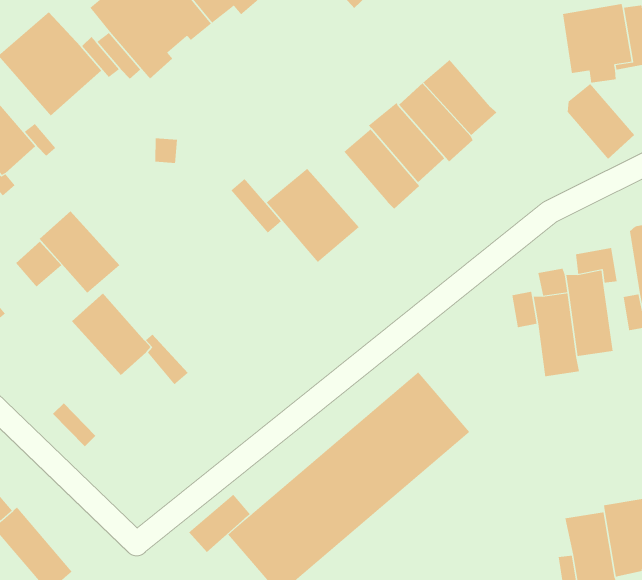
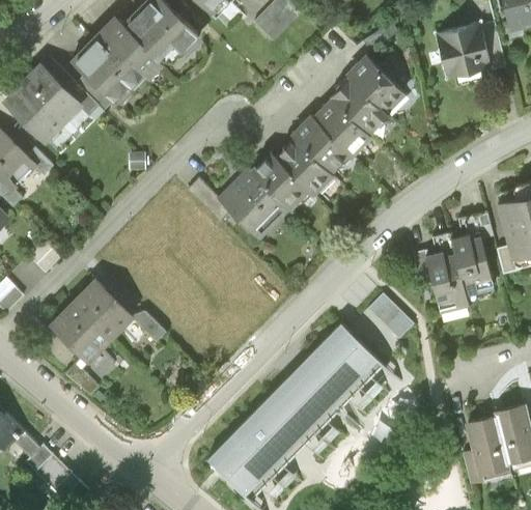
building: [567,83,635,160] -> [351,53,404,111]
building: none -> [250,151,310,211]
building: [39,210,120,294] -> [51,301,115,364]
building: none -> [368,293,416,339]
building: [188,494,251,553] -> none

